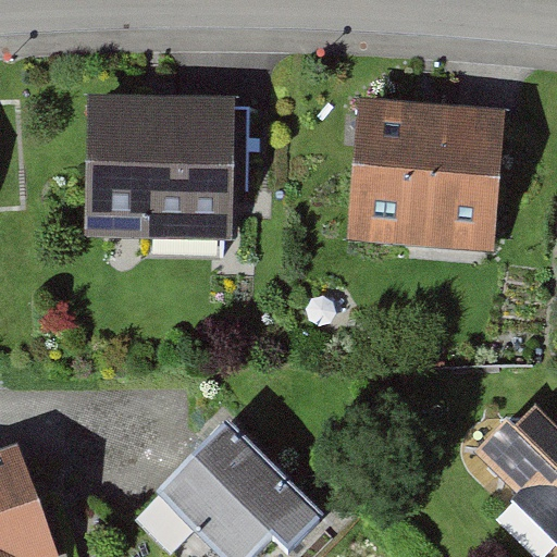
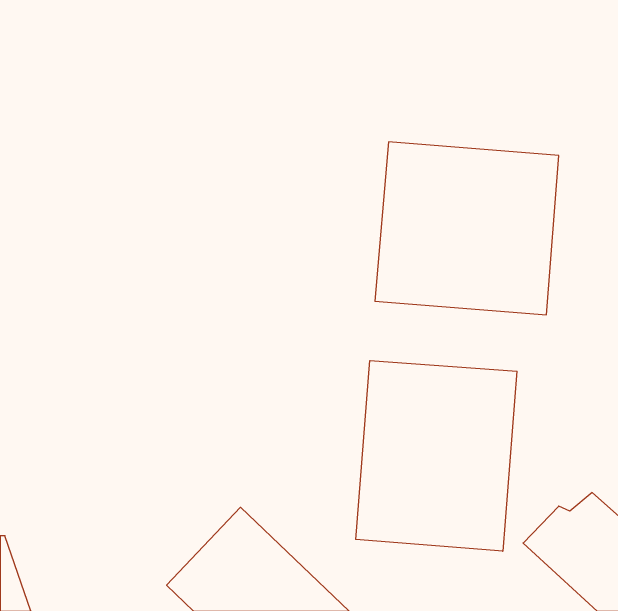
building: [85,123,250,263] -> none
building: none -> [356,361,517,551]

